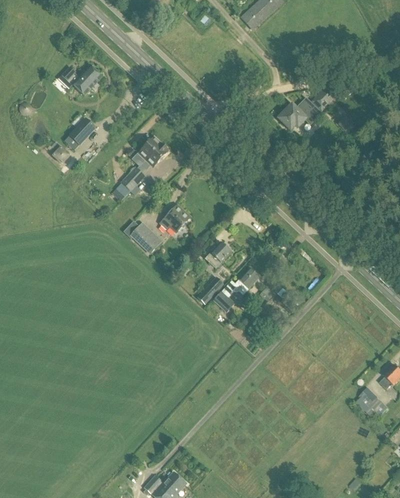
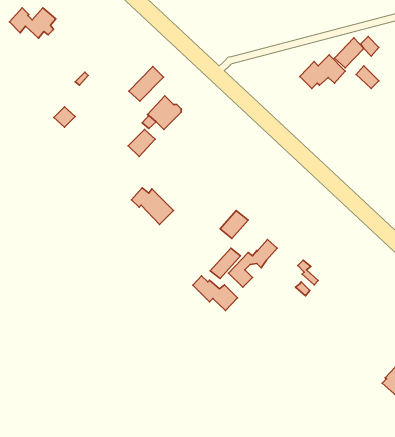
building: [57,66,100,94] -> [9,8,56,38]
building: [63,118,95,150] -> [129,66,163,101]
building: [159,206,188,232] -> none
building: none -> [193,276,237,310]

